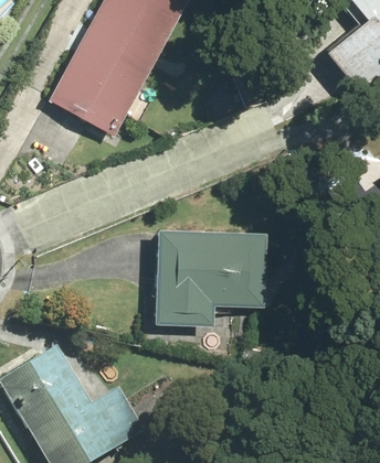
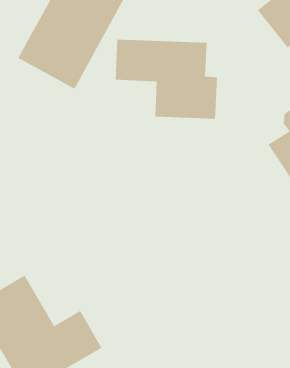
building: none -> [115,39,218,120]
building: [152,225,270,323] -> none

